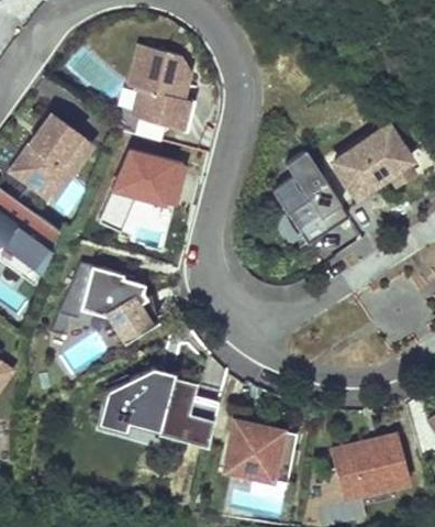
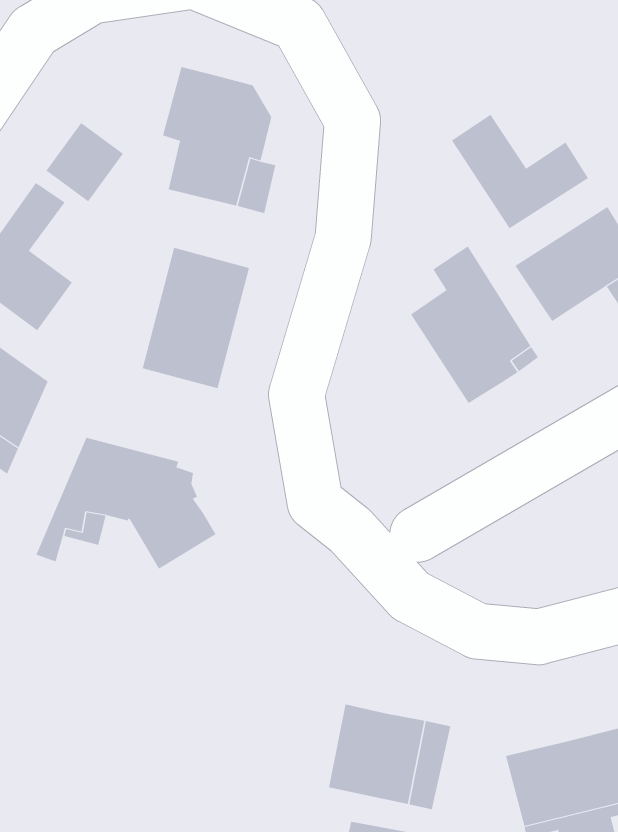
building: none -> [451,114,589,229]
building: [48,124,94,172] -> [45,122,124,202]
building: [98,365,220,444] -> none

